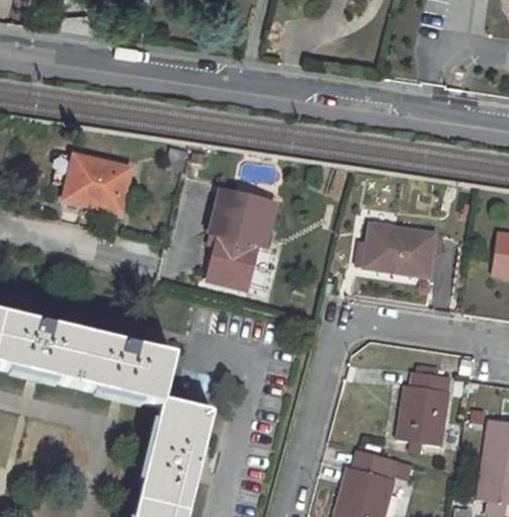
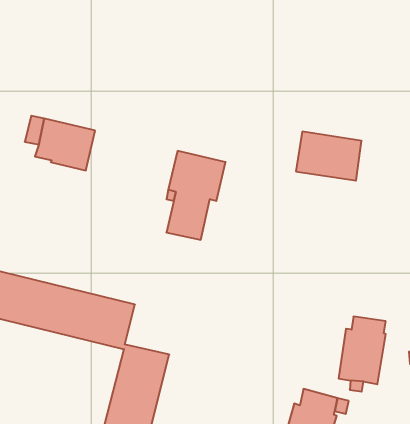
building: [364,223,436,276] -> [296,132,362,181]

